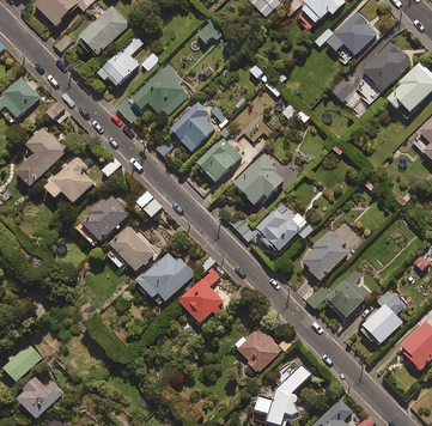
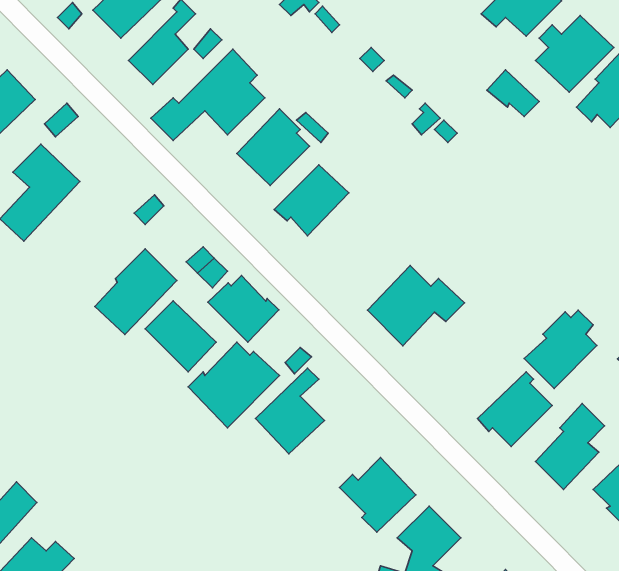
building: [43,151,95,202] -> none
building: [232,152,282,205] -> none
building: none -> [208,276,279,342]
building: [300,231,347,281] -> [524,310,597,388]

